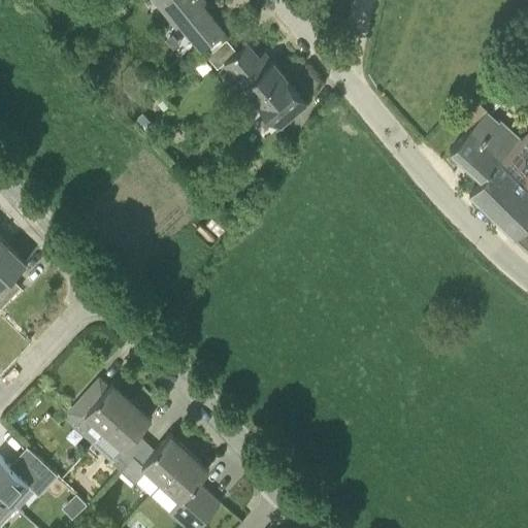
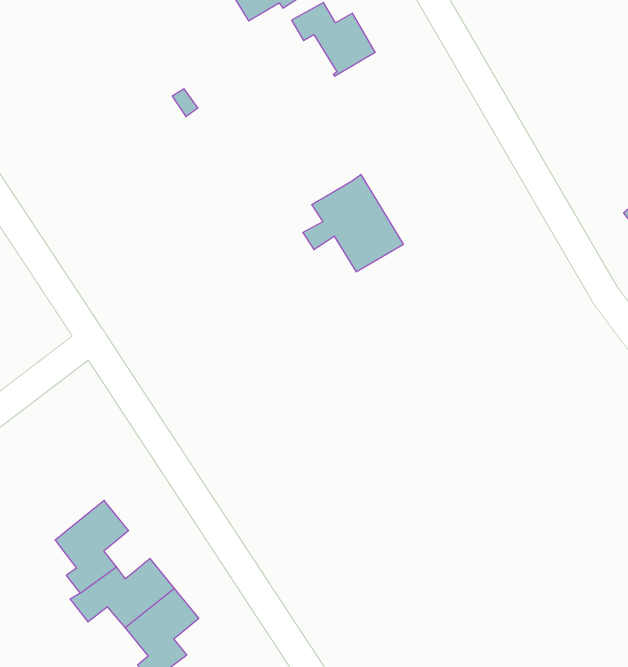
building: [238,65,307,131] -> [303,174,403,272]
building: [68,384,132,433] -> none

